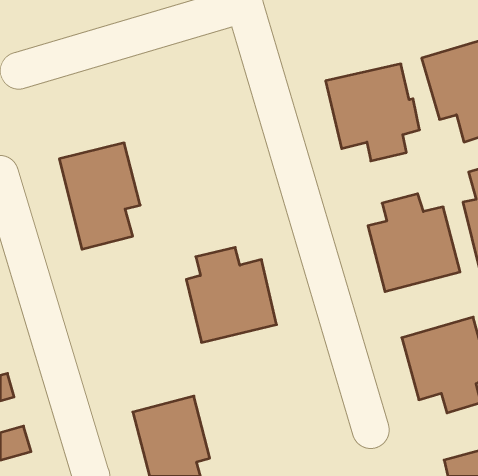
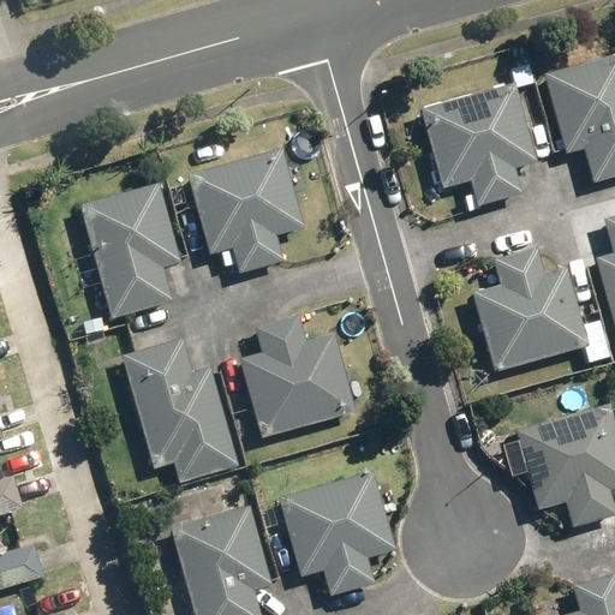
building: none -> [189,149,305,274]
building: none -> [121,336,239,483]
building: none -> [277,473,394,597]

